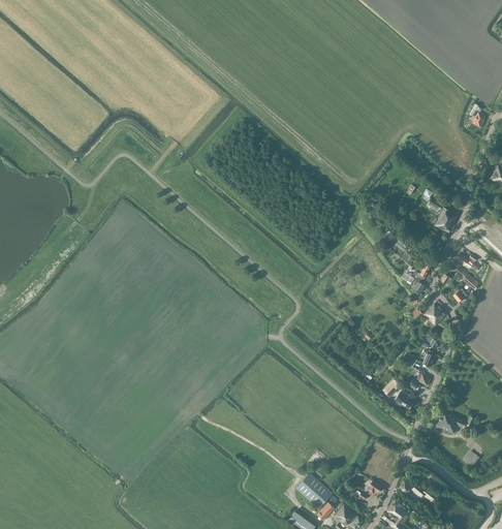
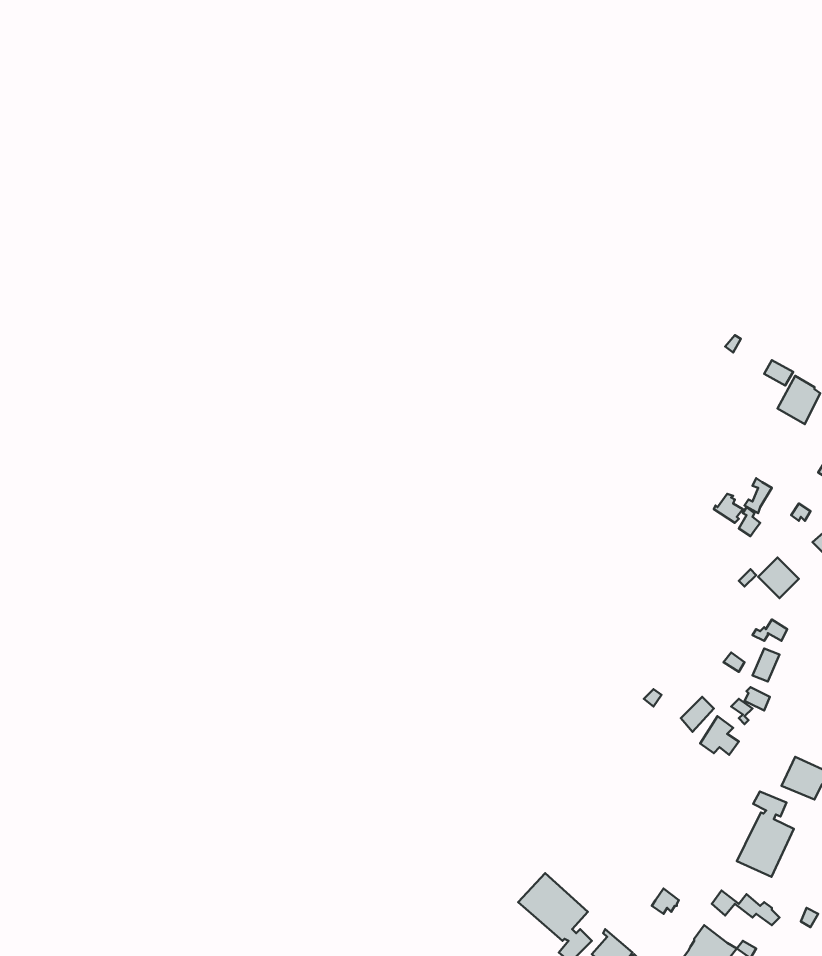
building: none -> [737,792,794,877]

